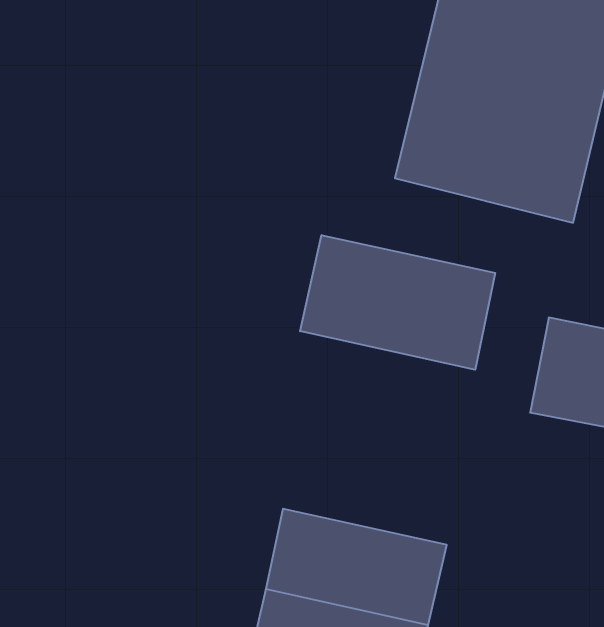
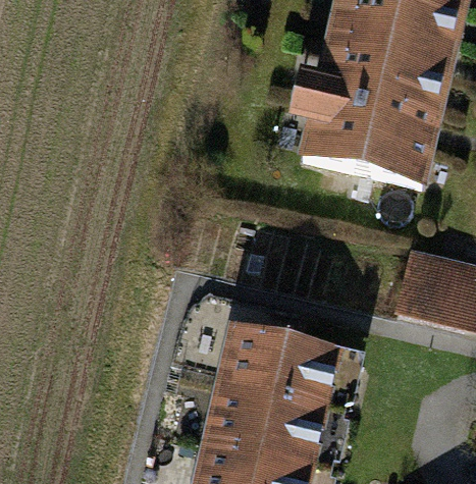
building: [300,235,495,370] -> none
building: none -> [216,327,346,410]

